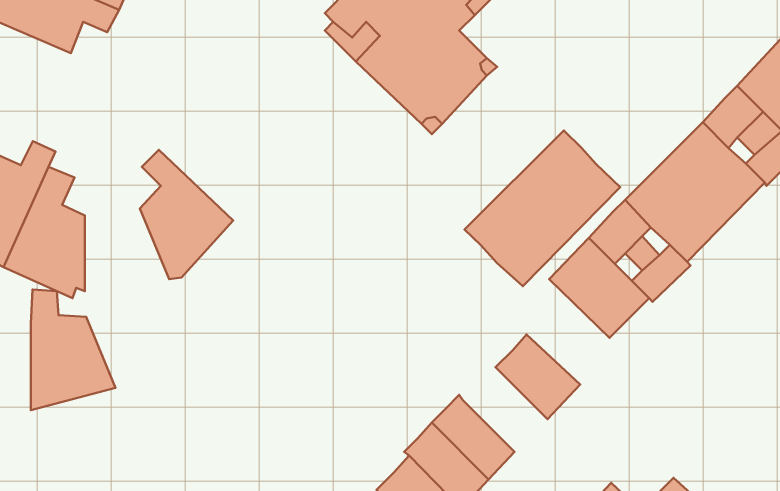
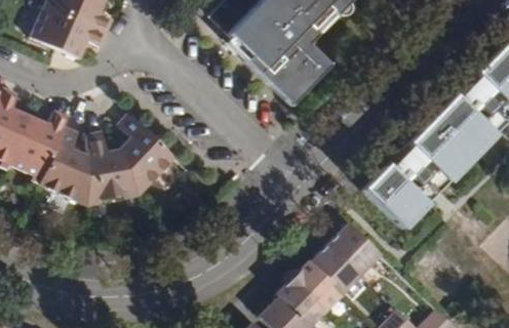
building: [465,130,620,286] -> none
building: [31,289,115,410] -> [86,132,136,204]
building: none -> [311,243,361,293]

